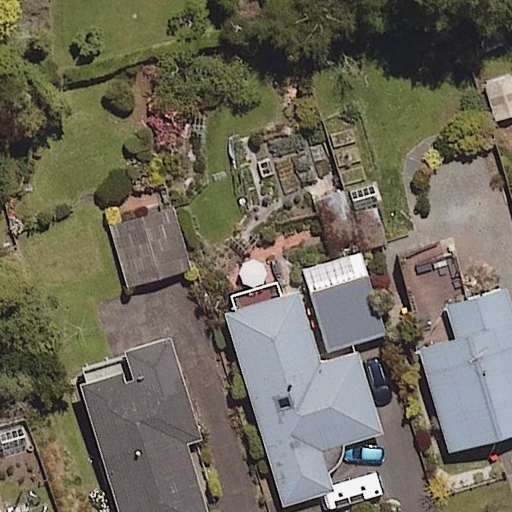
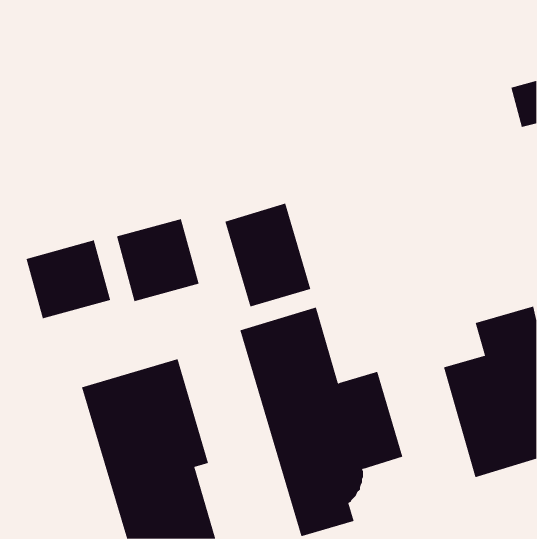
building: none -> [26,240,111,319]
building: [303,253,385,352] -> [225,203,311,307]

